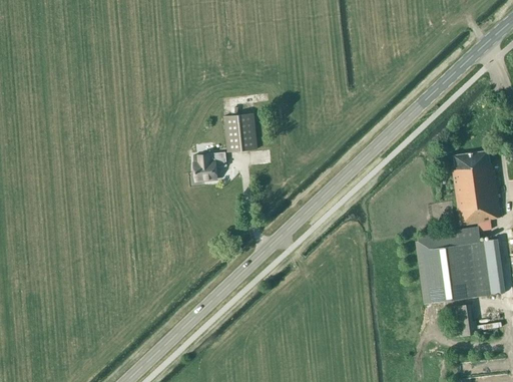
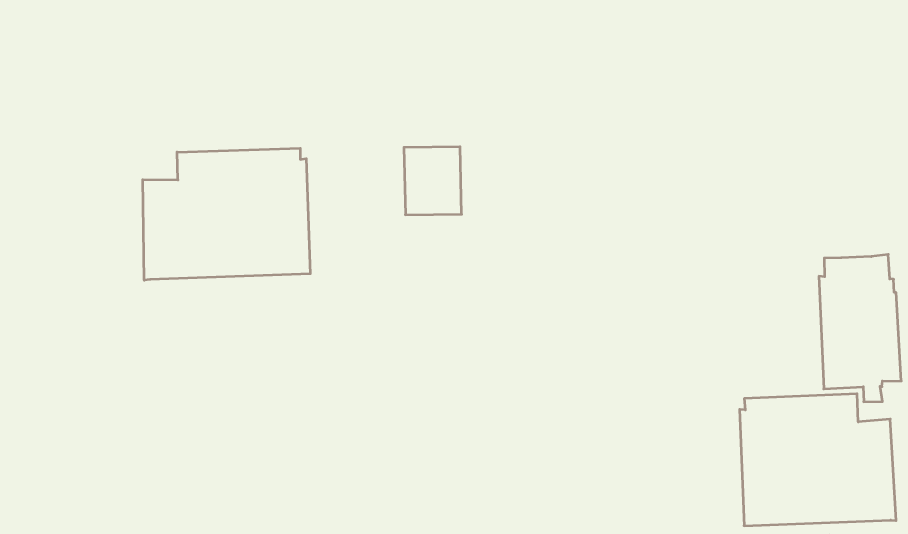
building: none -> [143,148,310,280]
building: [193,152,226,180] -> none

